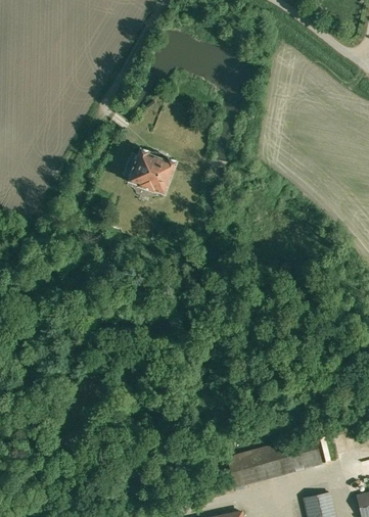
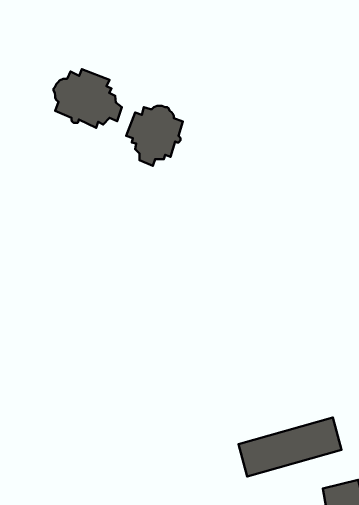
building: none -> [53,69,122,128]

